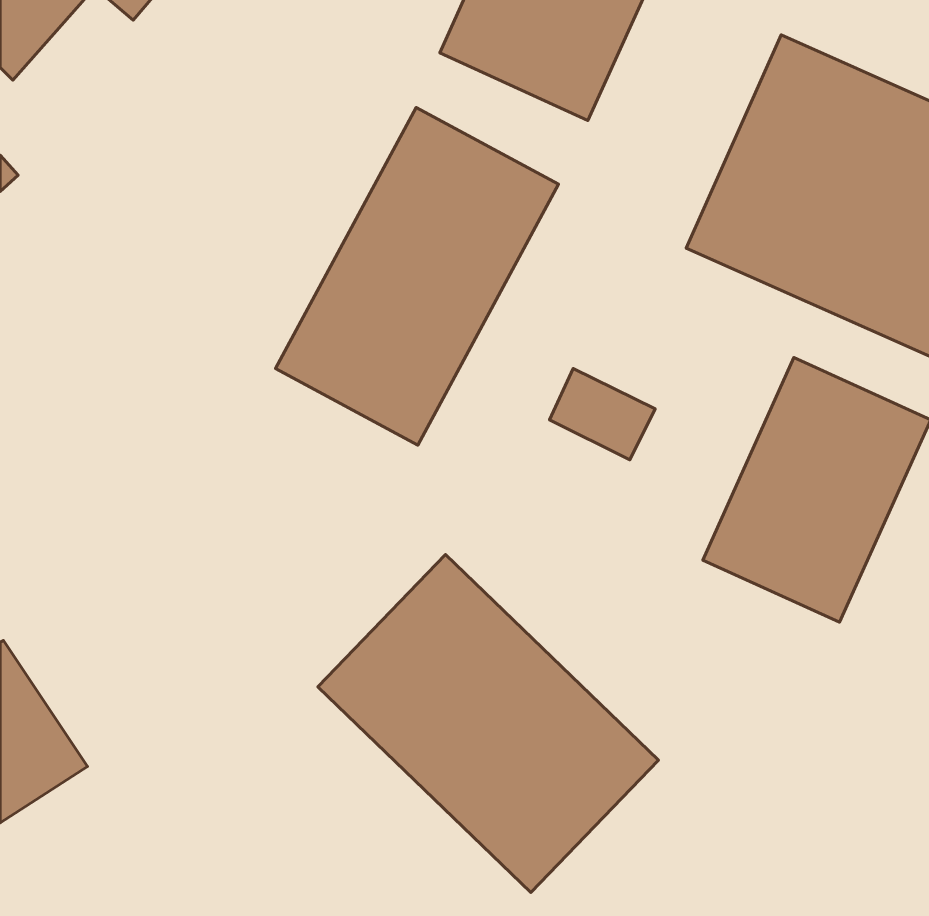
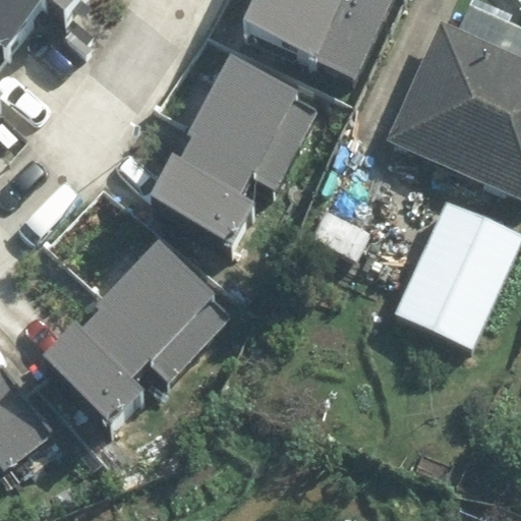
building: none -> [49,243,230,425]
building: [318,554,659,892] -> none

